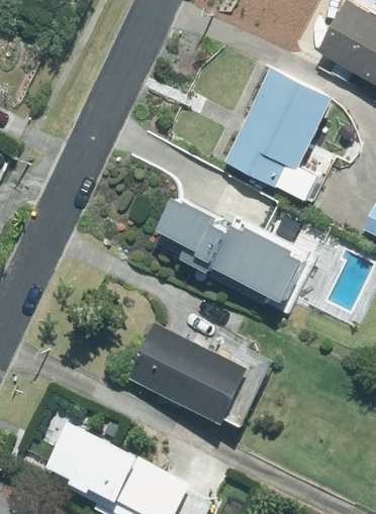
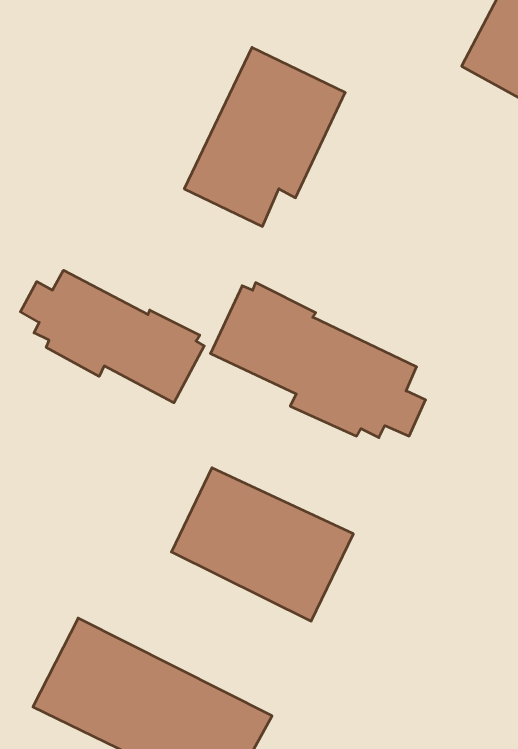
building: [225,68,334,188] -> [184,47,345,226]
building: none -> [20,270,204,403]

